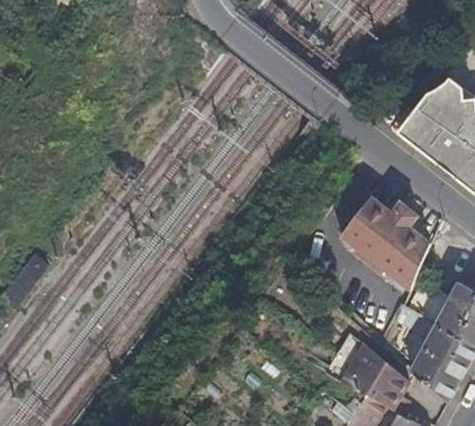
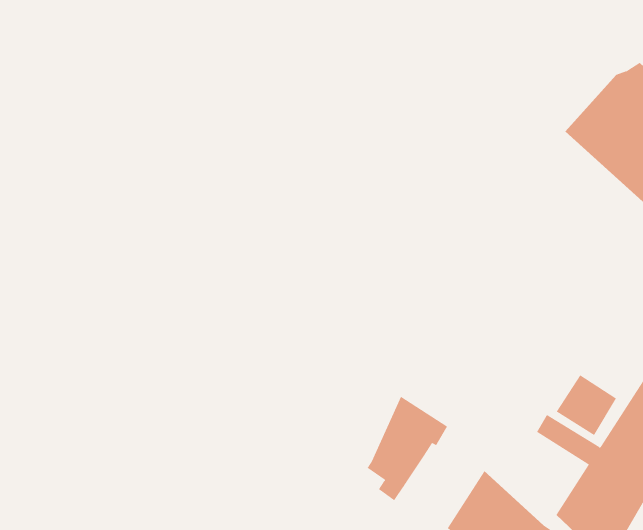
building: [340,200,429,293] -> none
building: none -> [367,396,448,501]

